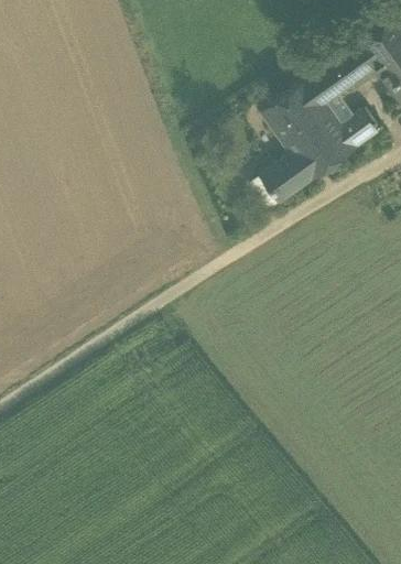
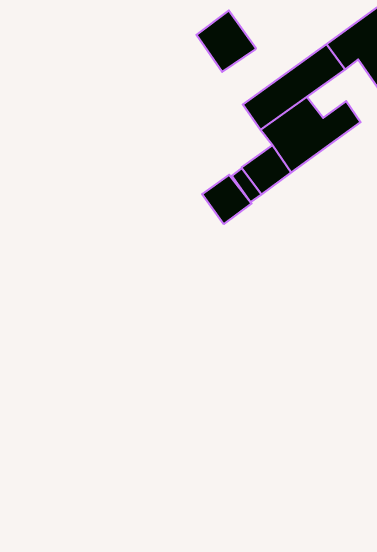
building: none -> [196,10,256,72]
building: none -> [202,175,252,224]

